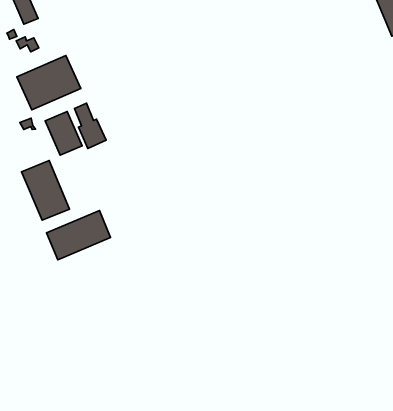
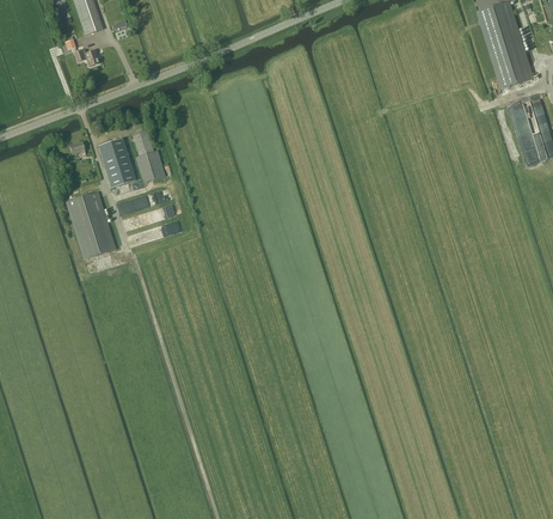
building: [17,55,81,110] -> none
building: [47,211,111,260] -> none

